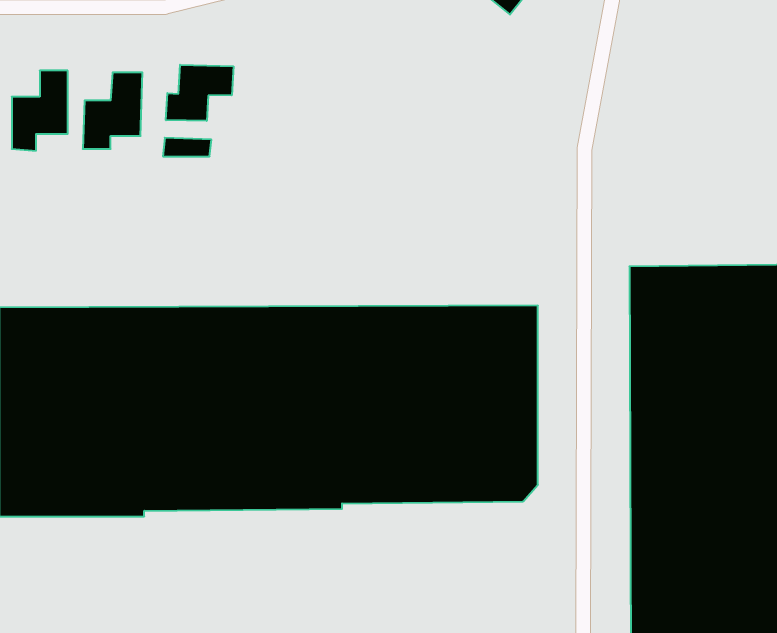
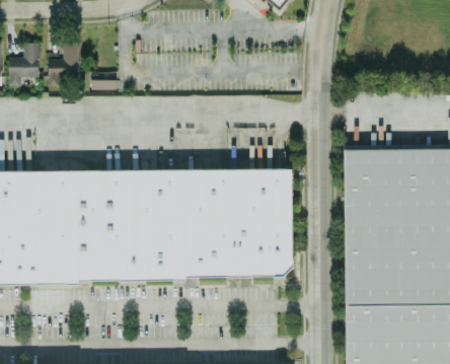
building: [166,65,233,121] -> none

